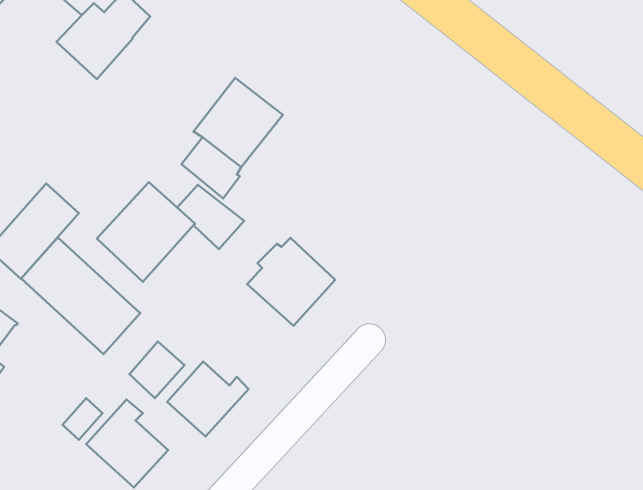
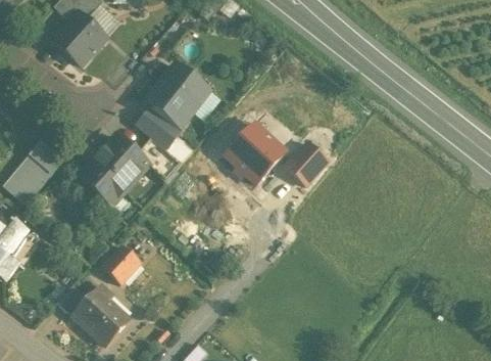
building: none -> [285,141,329,185]
building: [21,237,140,354] -> none
building: [247,238,335,326] -> [226,123,286,183]
building: [167,362,249,437] -> none

